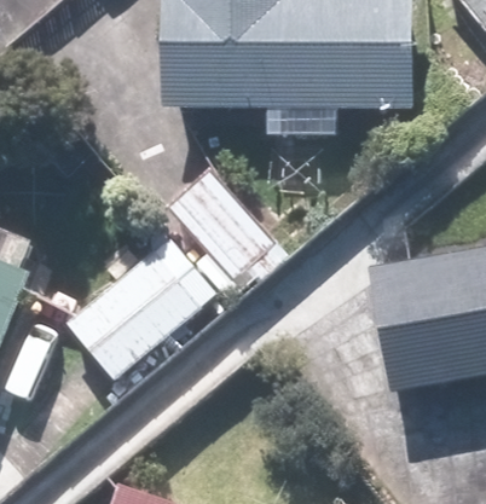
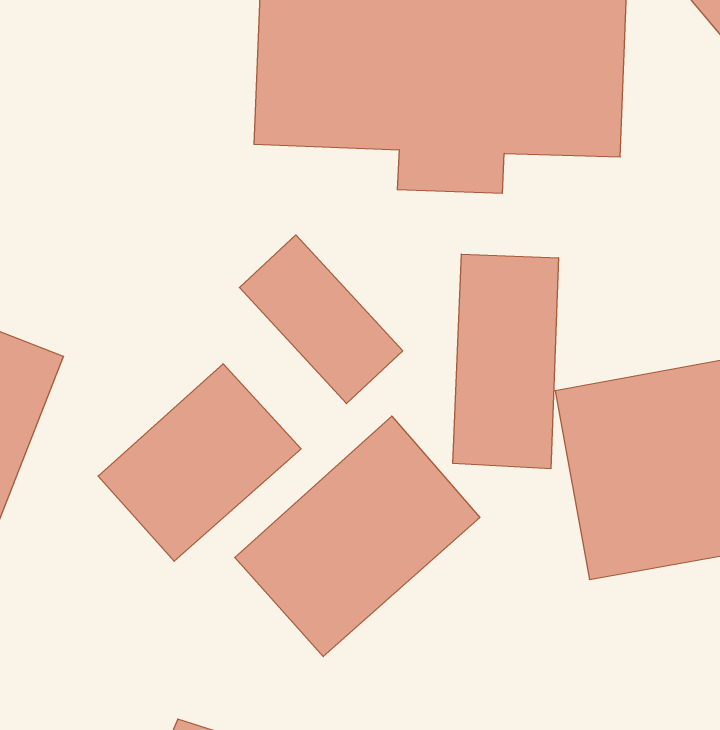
building: none -> [453,254,558,469]
building: none -> [235,416,480,657]

